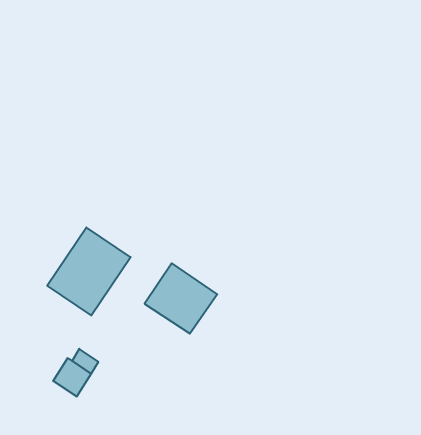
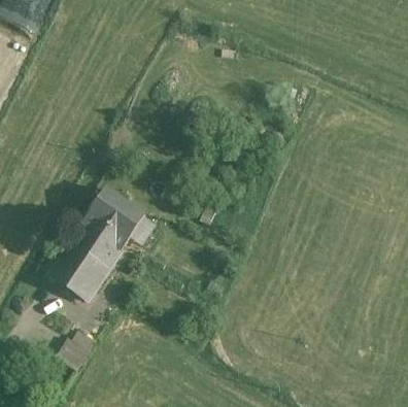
building: [145,263,217,334] -> [82,188,145,248]

